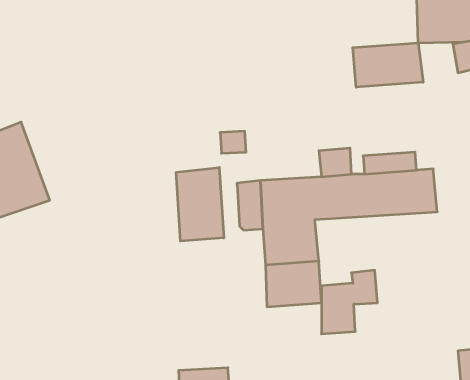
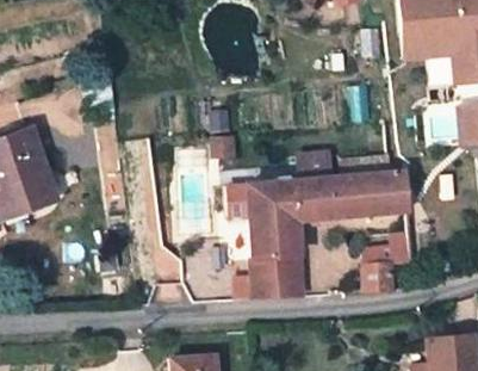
building: [353,43,423,87] -> none
building: [176,167,224,241] -> none
building: [321,270,377,334] -> [361,234,412,292]

